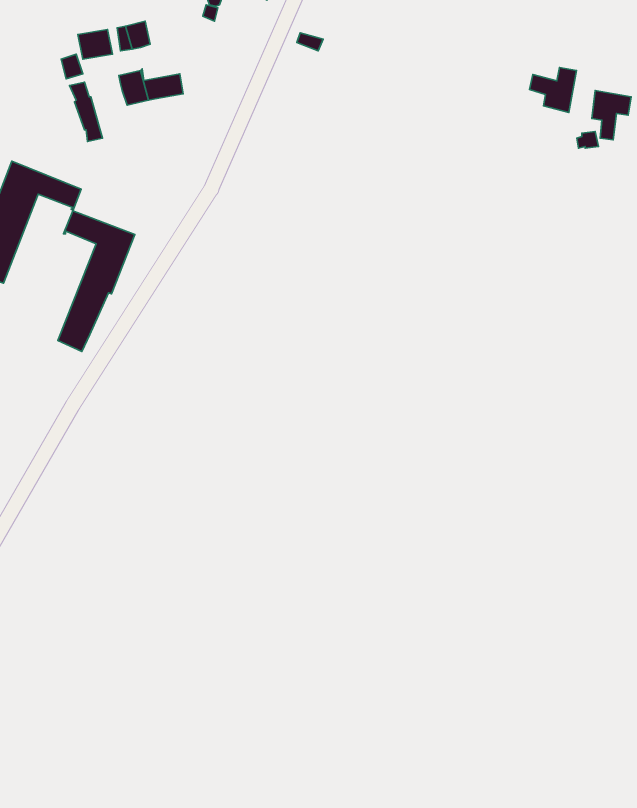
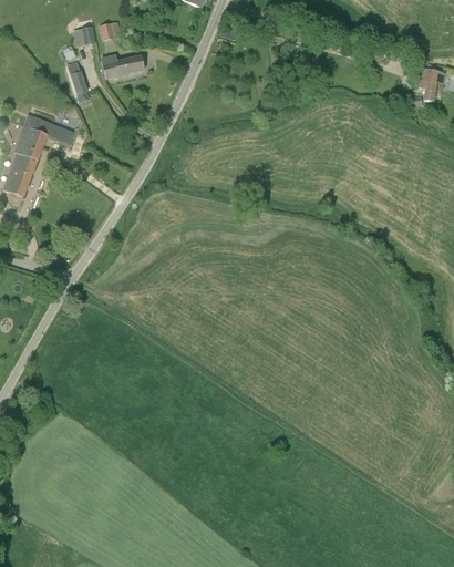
building: [529,67,576,113] -> none
building: [58,211,135,351] -> none

